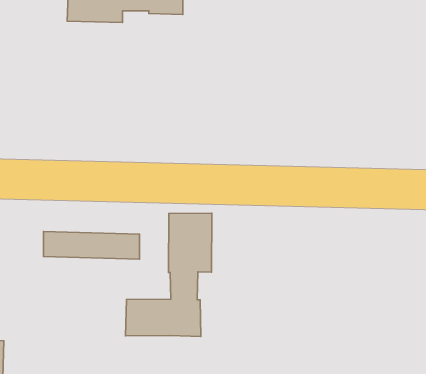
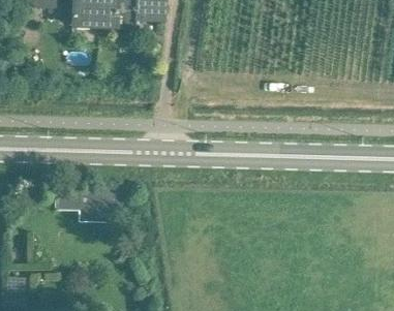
building: [125,213,212,336] -> none

